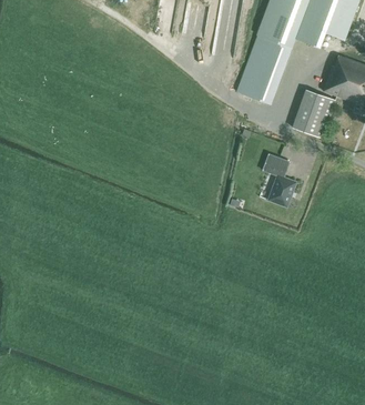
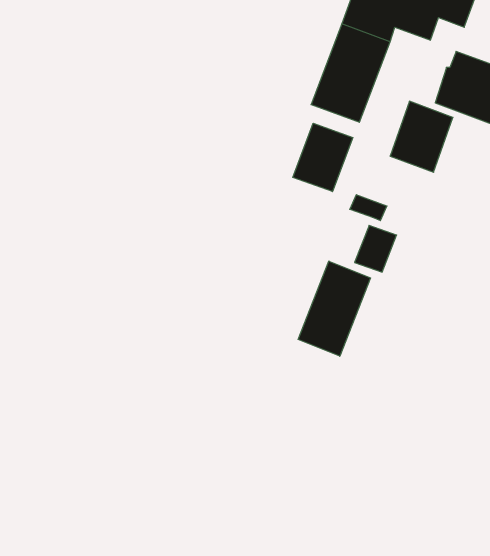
building: none -> [293,123,353,192]
building: none -> [298,261,370,356]

